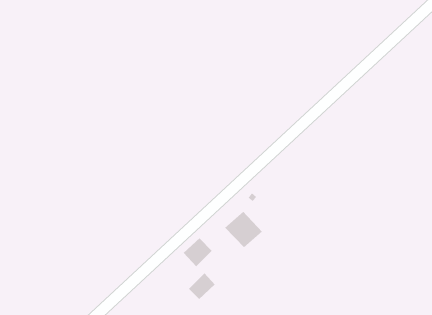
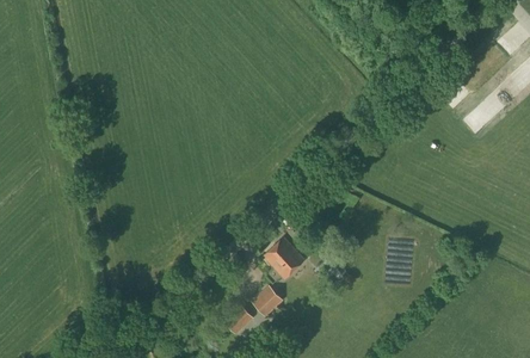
building: [183,238,213,267] -> [251,285,283,317]

